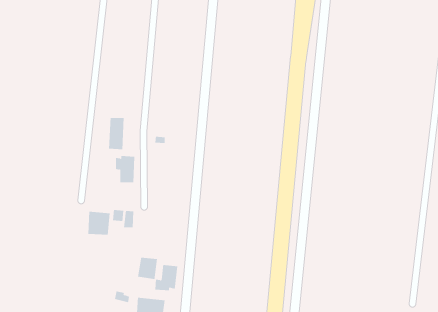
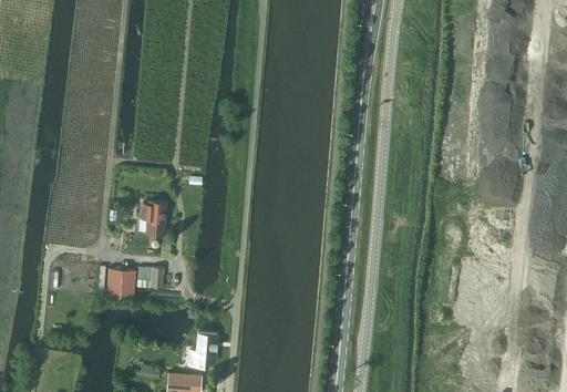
building: [108,117,124,150] -> none
building: [138,257,157,280] -> none

